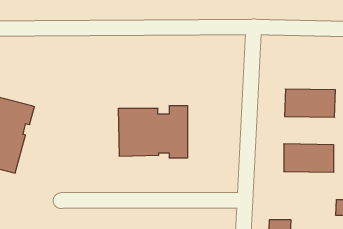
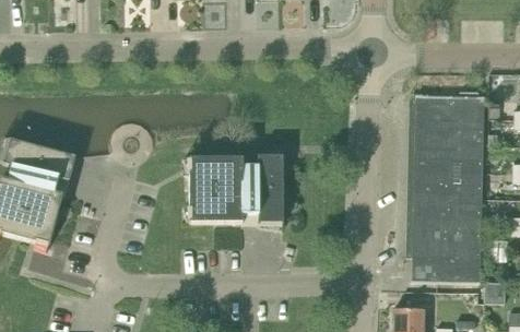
building: none -> [415,94,483,132]
building: none -> [413,168,482,206]
building: none -> [412,242,481,281]

